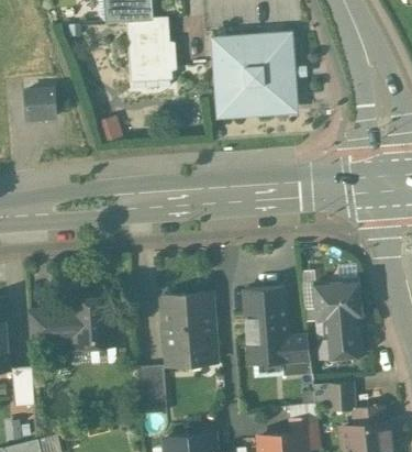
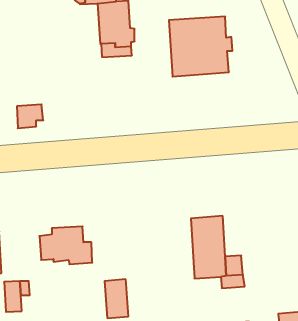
building: [23,91,56,121] -> [17,104,43,128]
building: [313,282,361,360] -> none
building: [162,294,214,367] -> none
building: [27,312,57,343] -> none
building: [329,384,353,412] -> none

